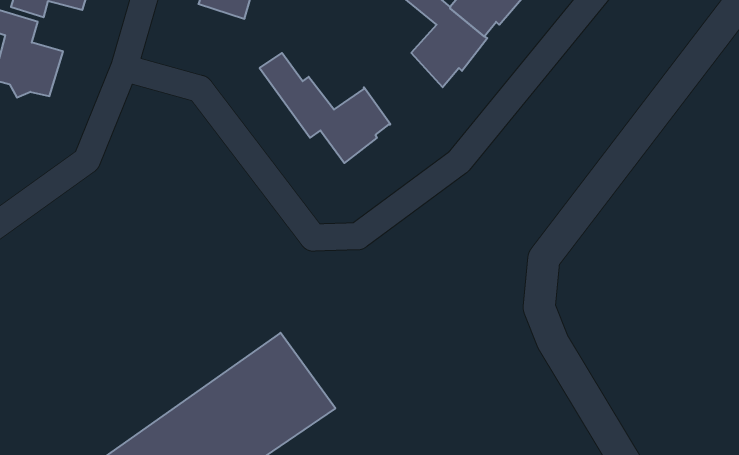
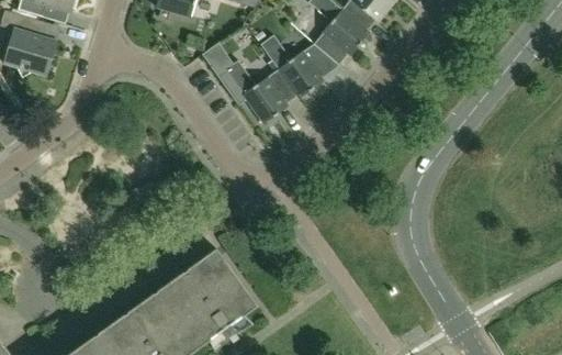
building: none -> [260,34,336,99]

